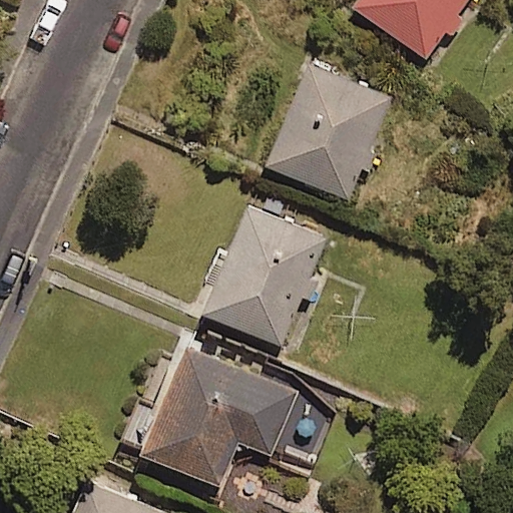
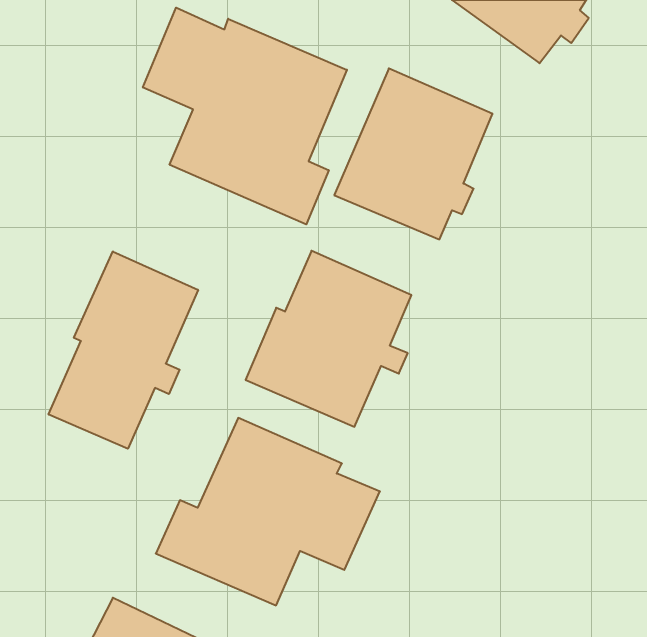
building: none -> [143,8,347,224]
building: none -> [49,251,198,449]

